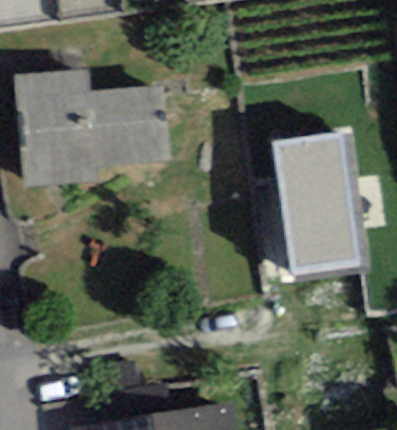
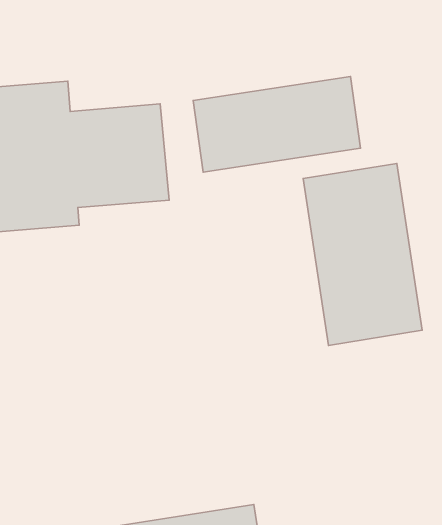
building: none -> [193,77,360,172]

